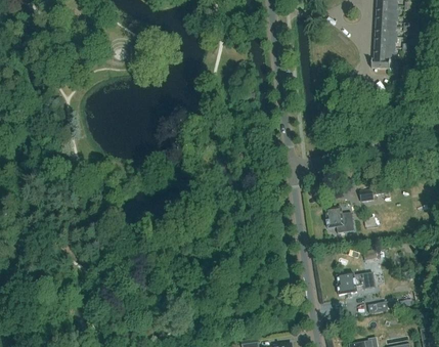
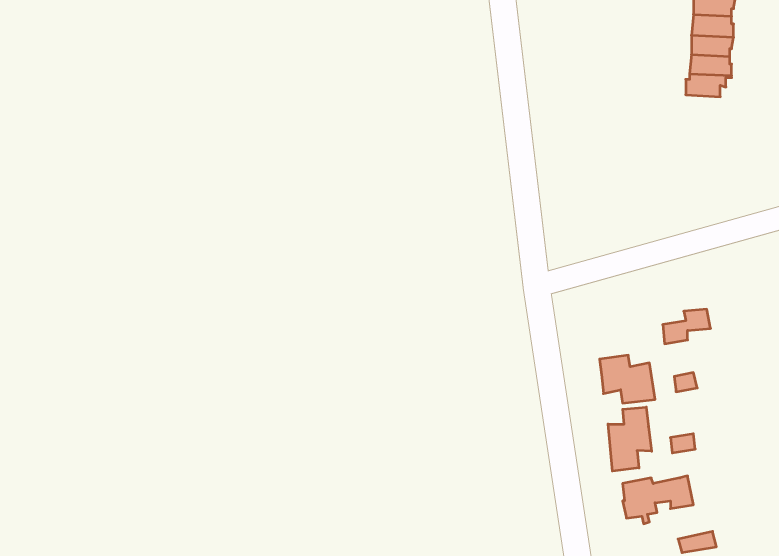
building: none -> [608,407,652,471]

